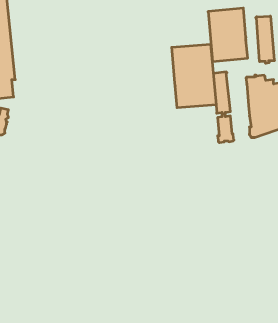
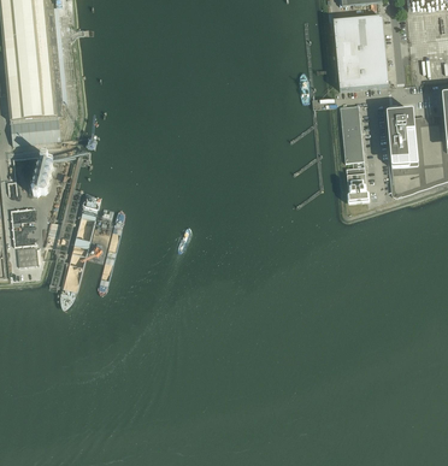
building: [256,16,274,63] -> none
building: [172,44,216,108] -> none

